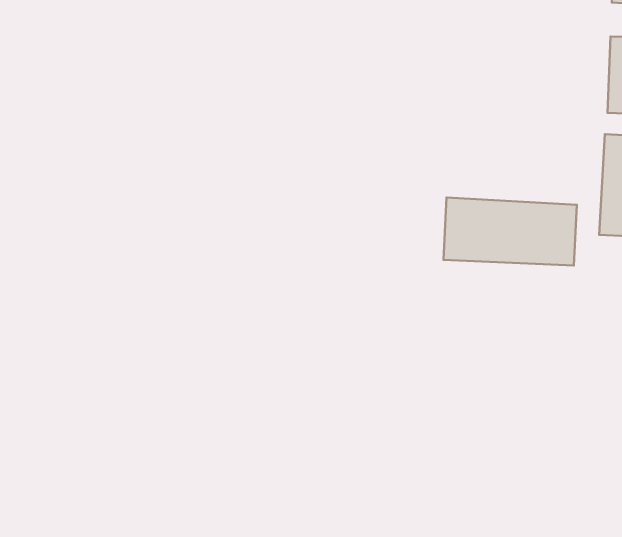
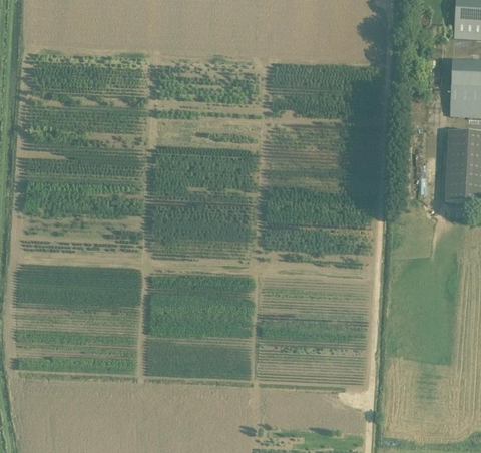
building: [443,198,577,265] -> none

